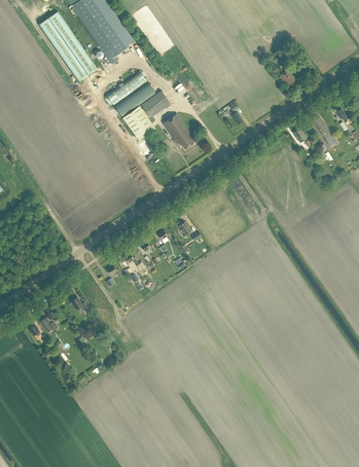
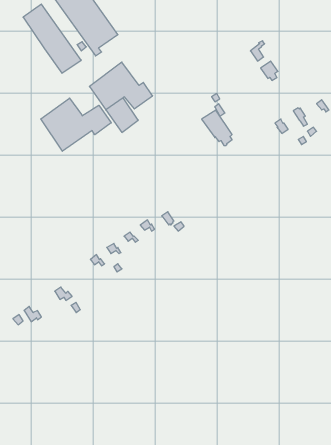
building: none -> [41,98,111,151]
building: [163,113,193,149] -> [202,110,232,146]

